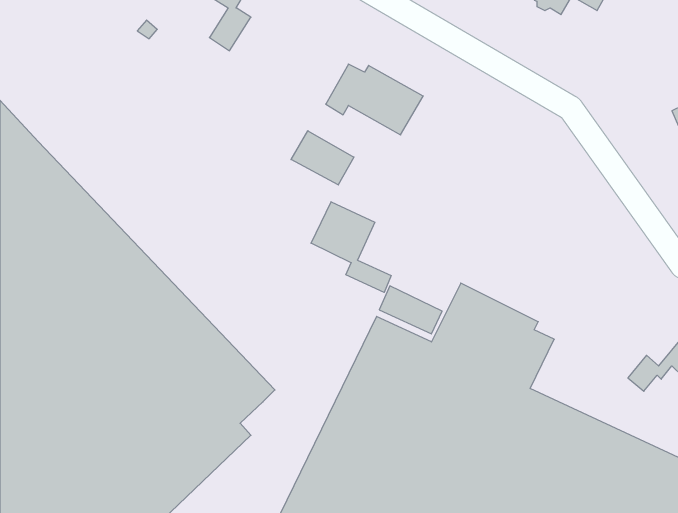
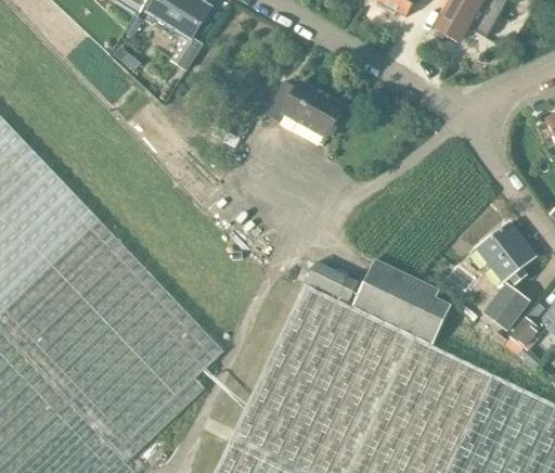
building: [291,131,354,185] -> none
building: [311,202,391,292] -> none
building: none -> [475,225,534,333]

